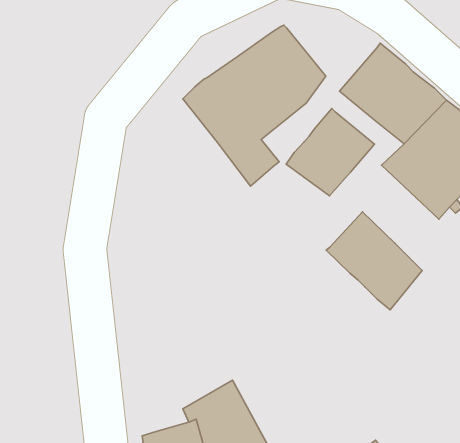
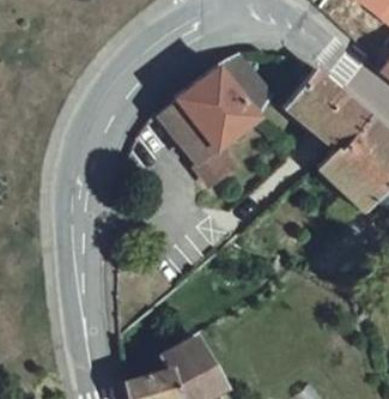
building: [286,108,375,196] -> none
building: [326,212,422,310] -> none

